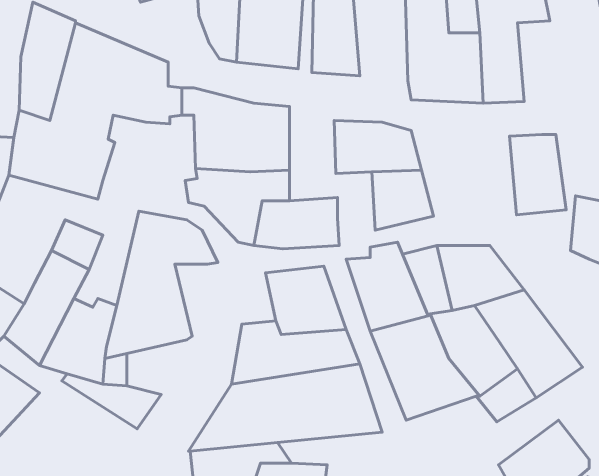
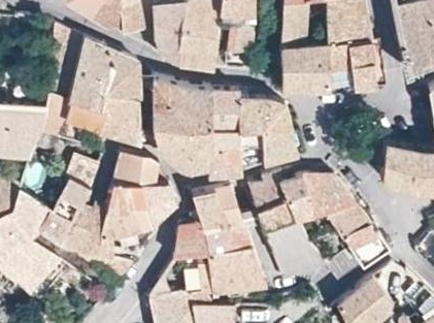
building: none -> [213,91,265,174]
building: none -> [101,96,153,149]
building: [510,134,566,215] -> [350,39,385,88]
building: none -> [144,185,180,229]

